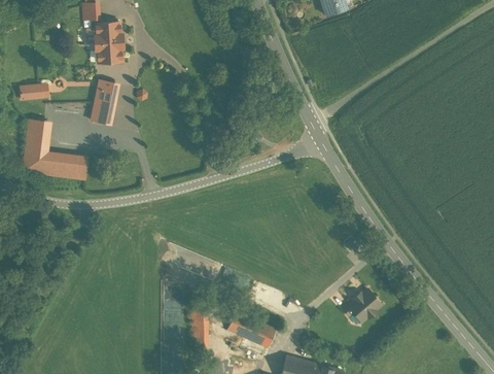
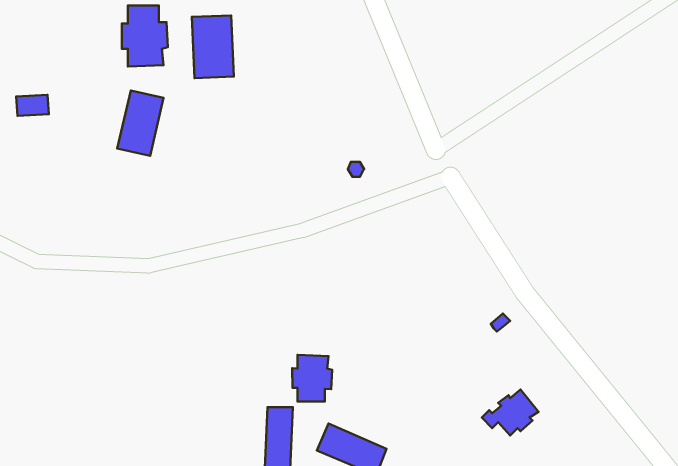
building: none -> [192,15,234,78]
building: [23,120,87,178] -> none
building: none -> [292,355,332,402]

